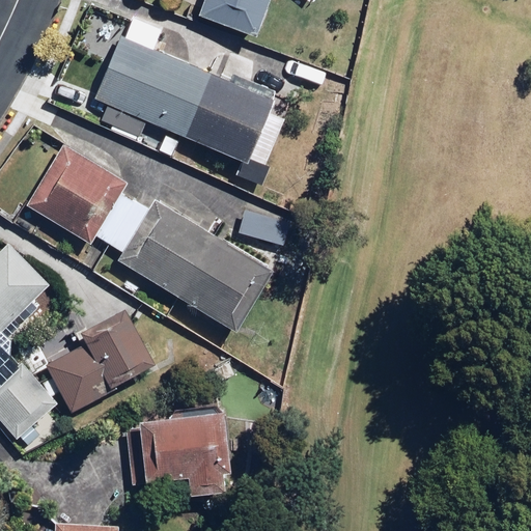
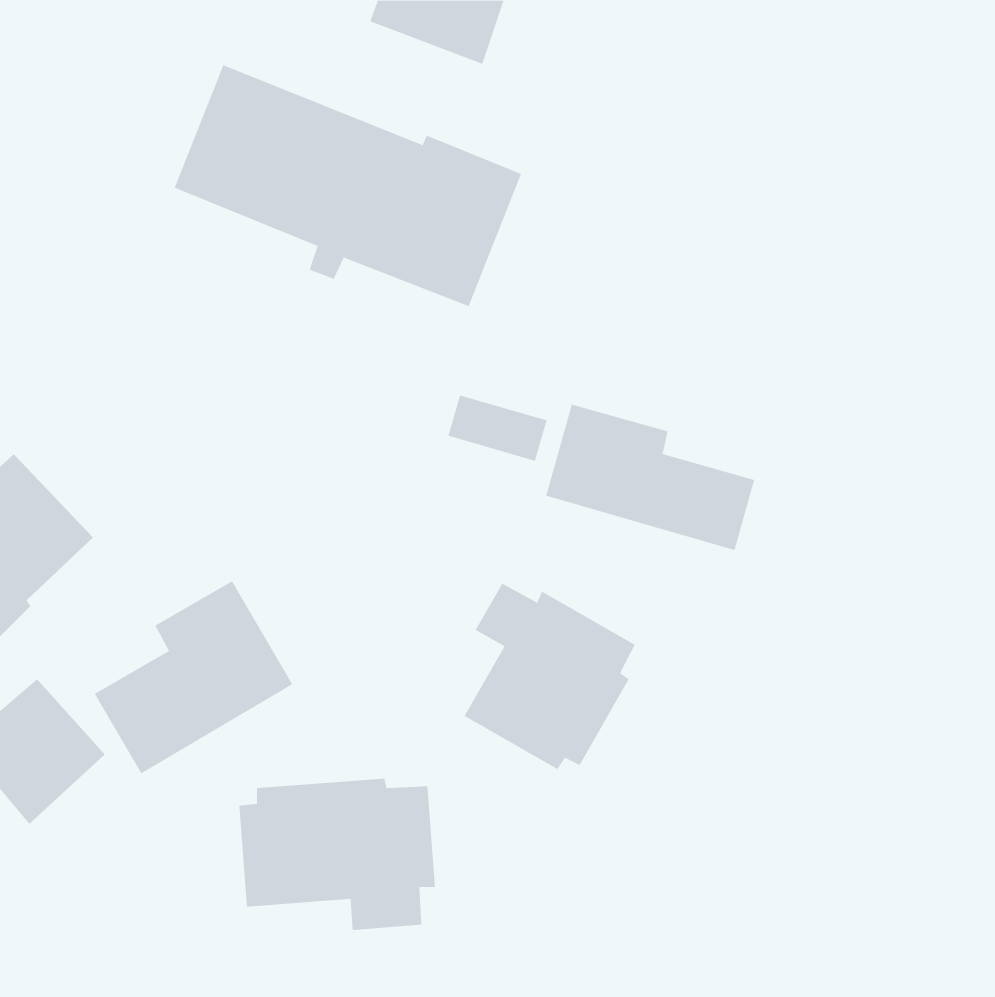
building: [27,147,273,331] -> none
building: none -> [545,404,755,551]
building: none -> [464,583,636,770]

